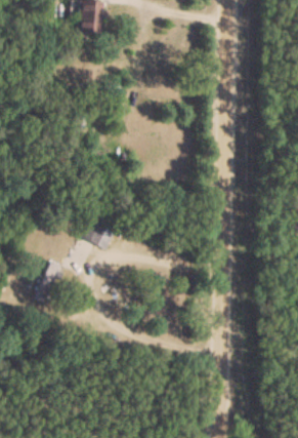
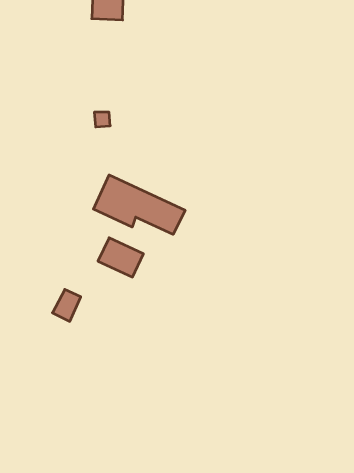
building: none -> [93,175,185,234]

